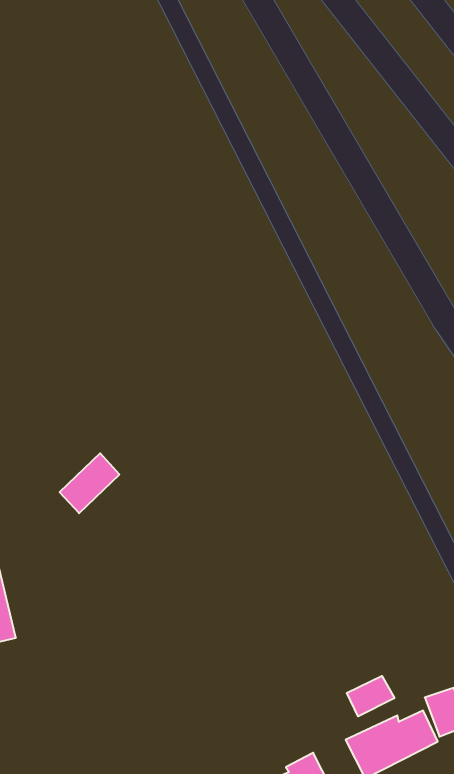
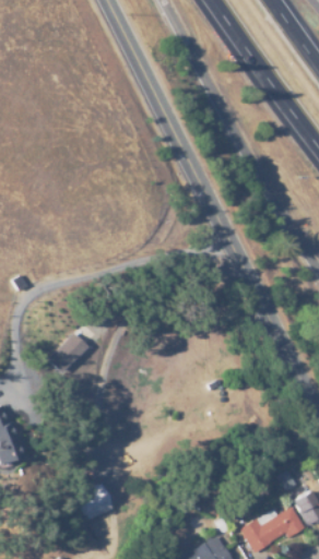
building: [347,676,394,716] -> none
building: none -> [78,485,111,520]

